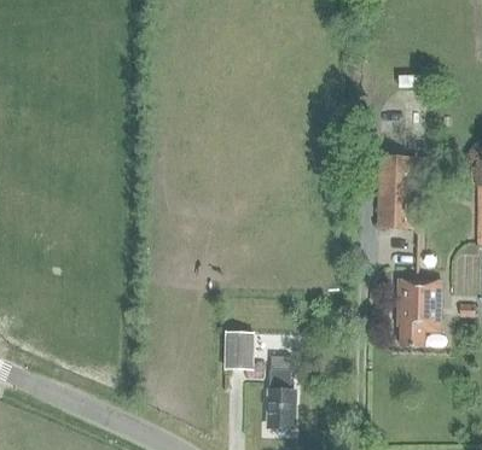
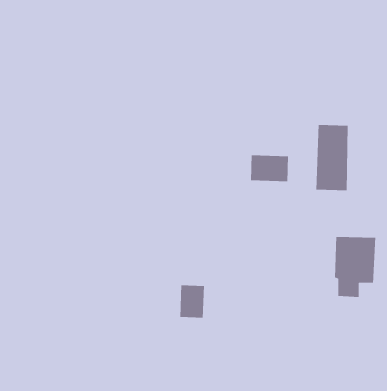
building: none -> [250,154,289,182]
building: [268,356,295,431] -> none

